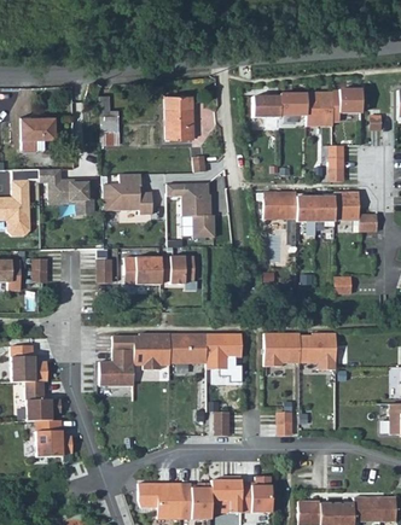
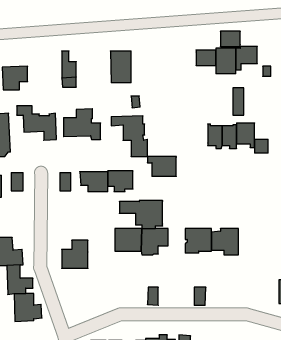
building: [252,97,279,117] -> [220,31,240,46]
building: [256,192,295,218] -> [147,156,176,176]
building: [112,332,170,369] -> [119,201,163,229]

